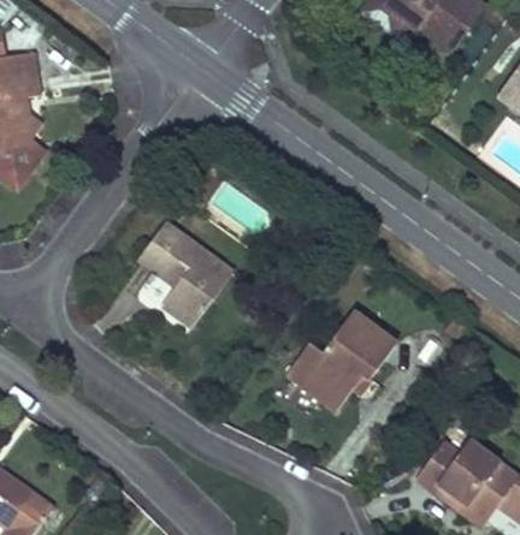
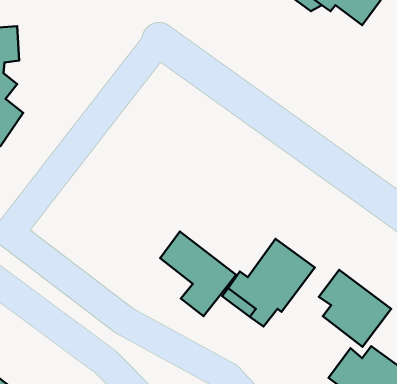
building: [136,222,229,326] -> [160,232,236,316]
building: none -> [319,270,391,347]

